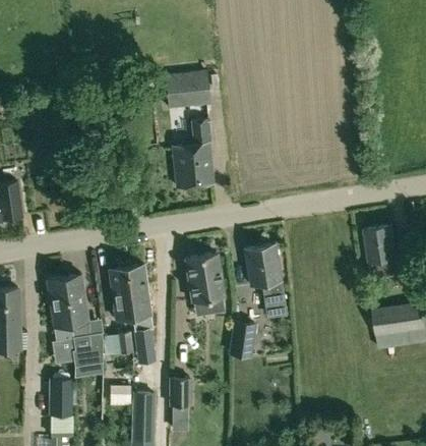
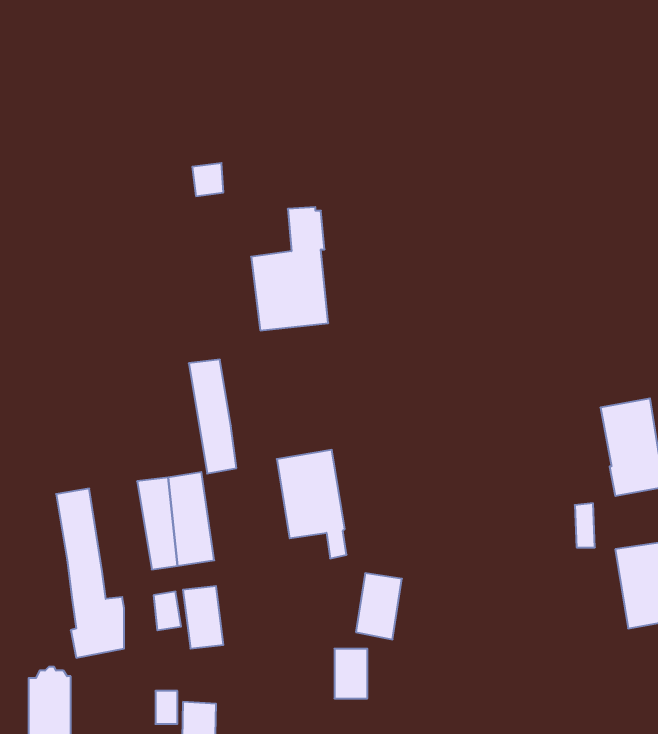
building: [165,72,211,110] -> none
building: [245,245,285,299] -> none
building: [47,279,73,342] -> [189,360,236,474]
building: [172,380,190,407] -> [334,649,367,698]

